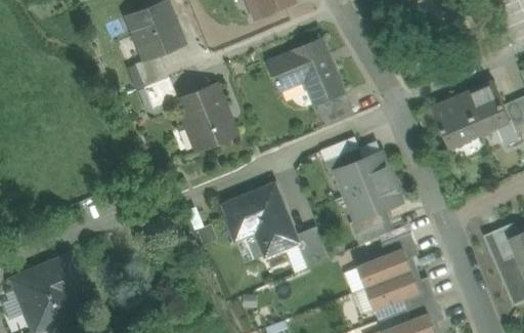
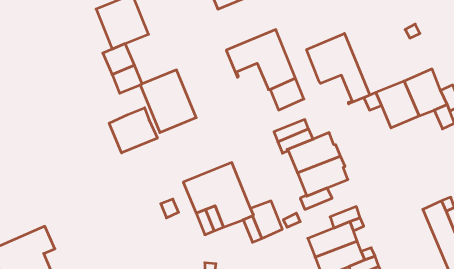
building: none -> [307,33,370,104]
building: none -> [109,108,157,153]

